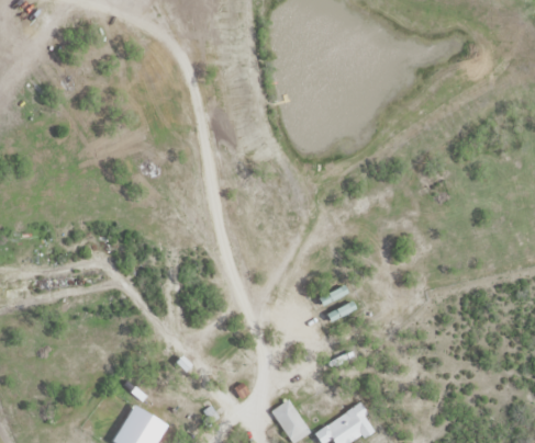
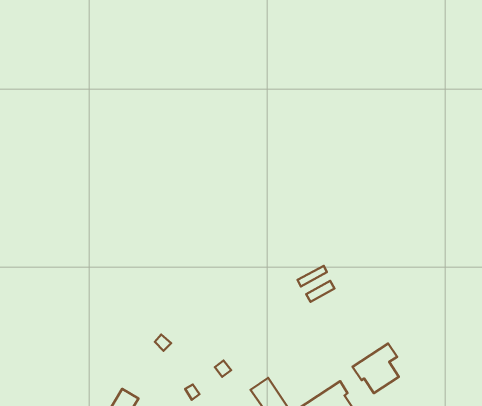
building: none -> [353,344,399,393]

